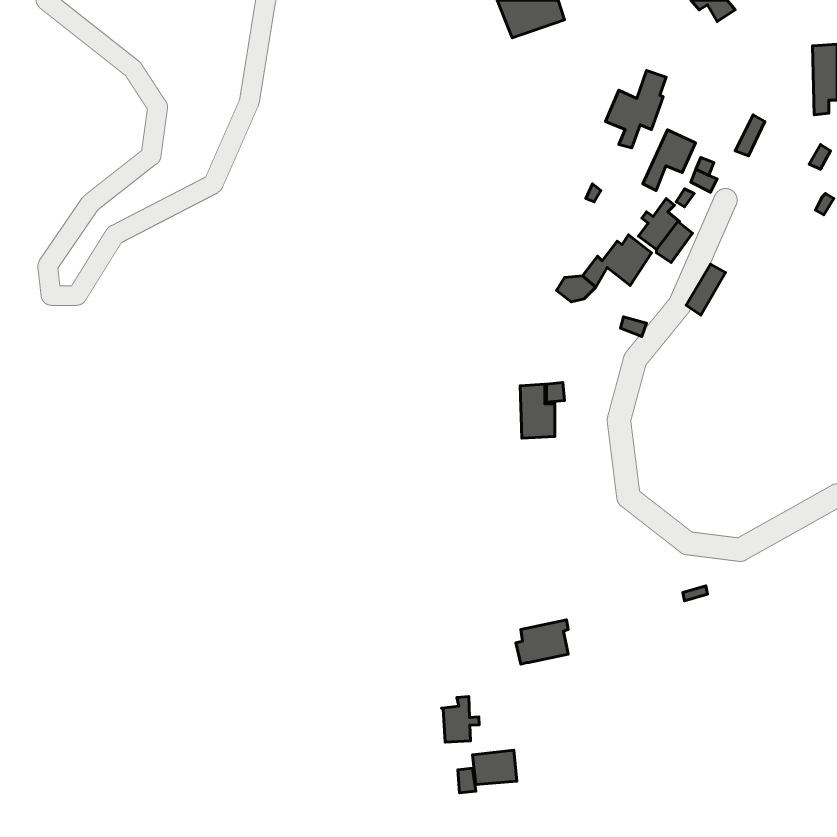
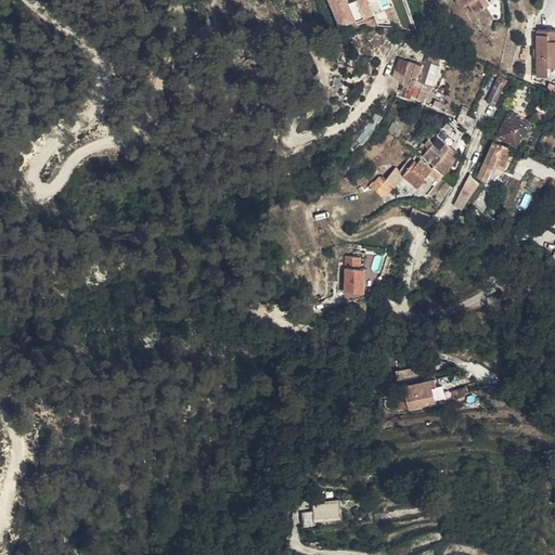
building: [643,130,695,190] -> [477,142,512,182]
building: none -> [496,113,527,144]
building: [516,620,568,664] -> [400,382,435,411]
building: [442,697,479,742] -> none

